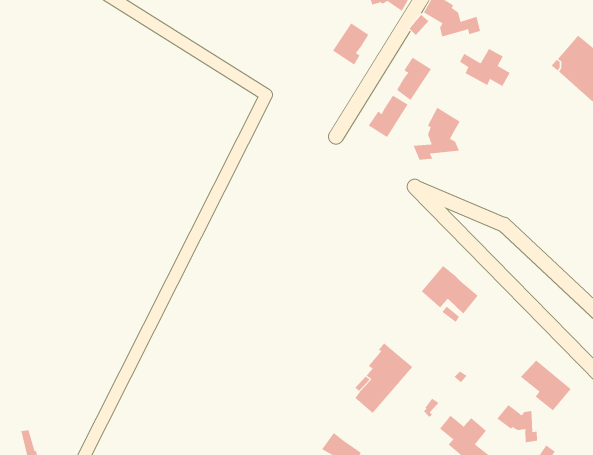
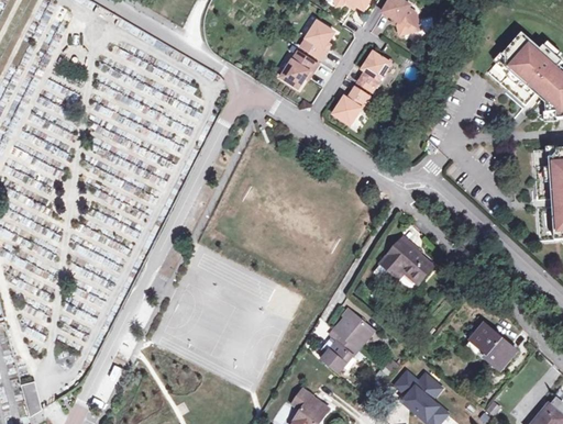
building: [459,48,511,87] -> none
building: none -> [282,52,318,88]
building: [413,107,460,160] -> none
building: [497,404,537,443] -> none

